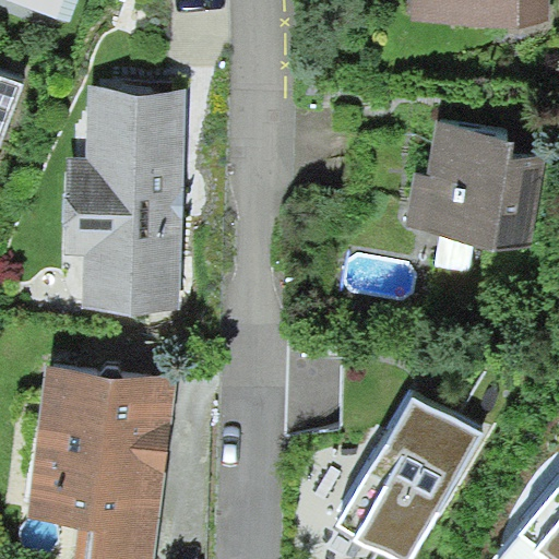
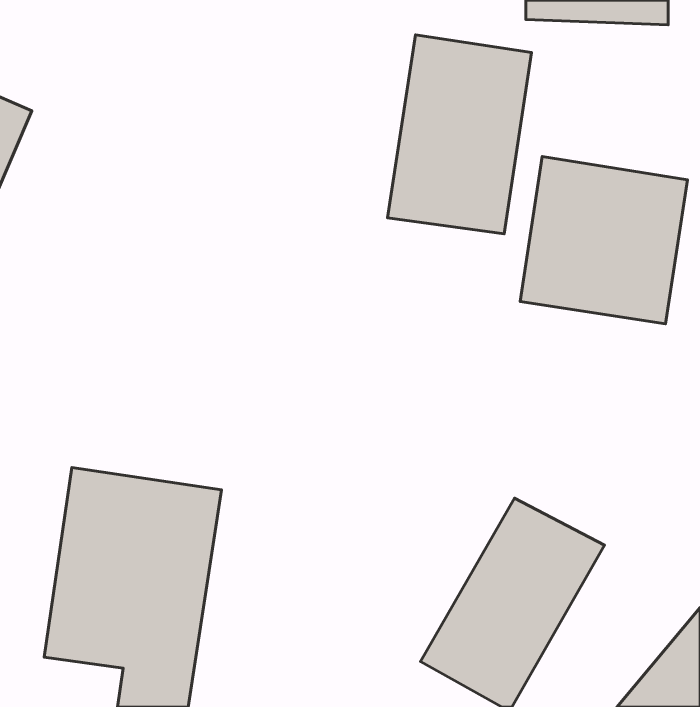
building: none -> [388,35,532,234]
building: [66,88,187,317] -> none

